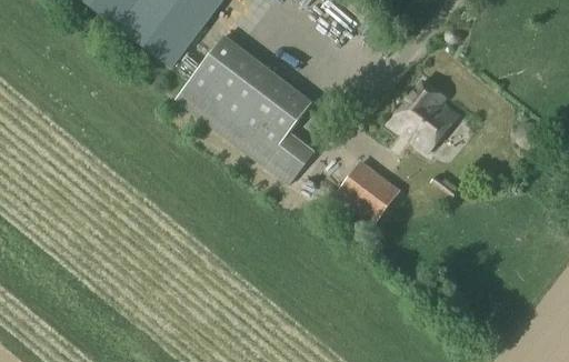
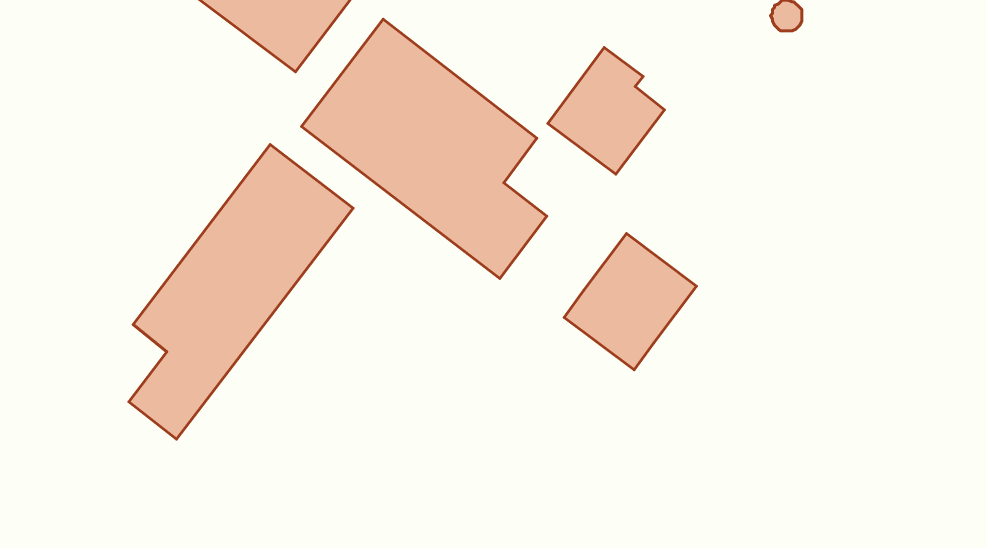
building: [390,79,457,151] -> [548,47,665,174]
building: none -> [129,144,353,439]

